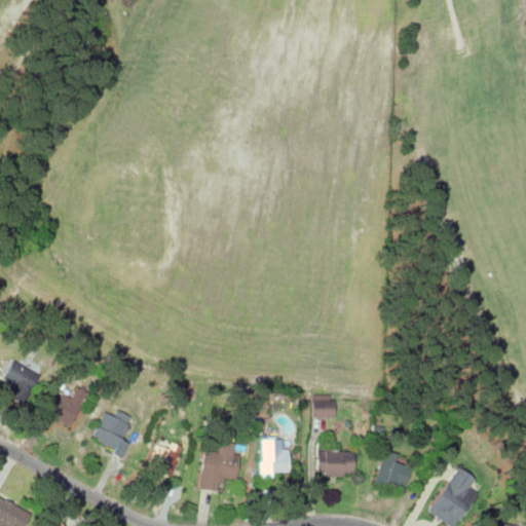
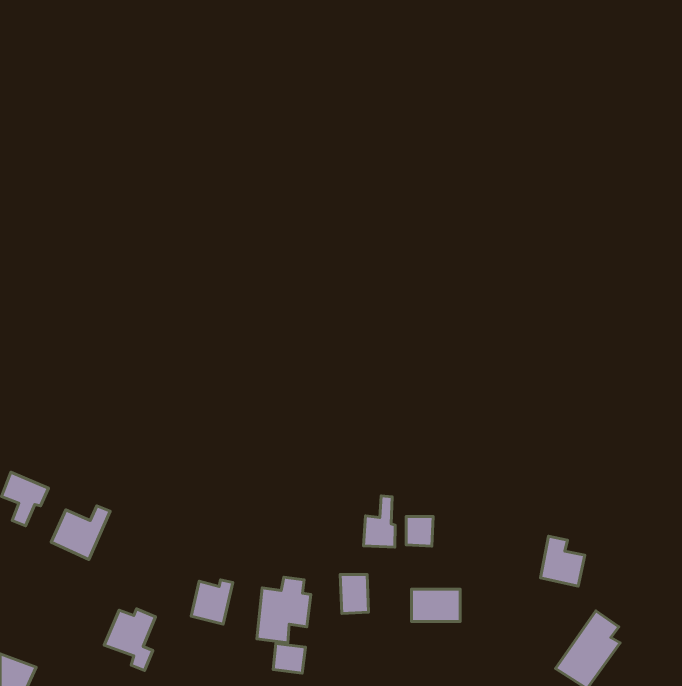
building: none -> [363,496,395,547]
building: [93,411,133,458] -> [104,609,155,671]
building: [378,451,412,489] -> [540,536,585,586]
building: none -> [273,644,306,673]

